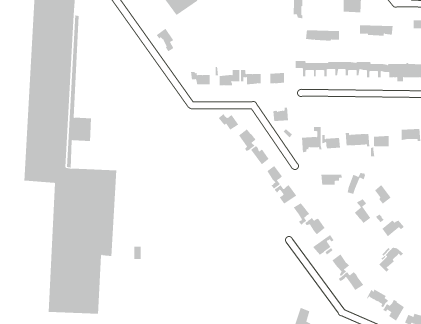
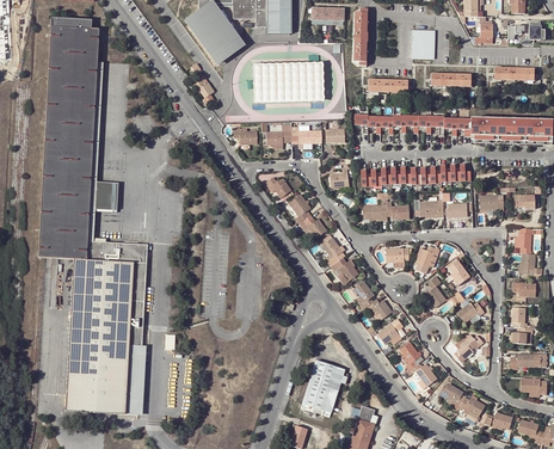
building: none -> [252,61,322,102]
building: none -> [362,164,472,186]
building: none -> [125,344,146,414]
building: none -> [301,359,344,414]

